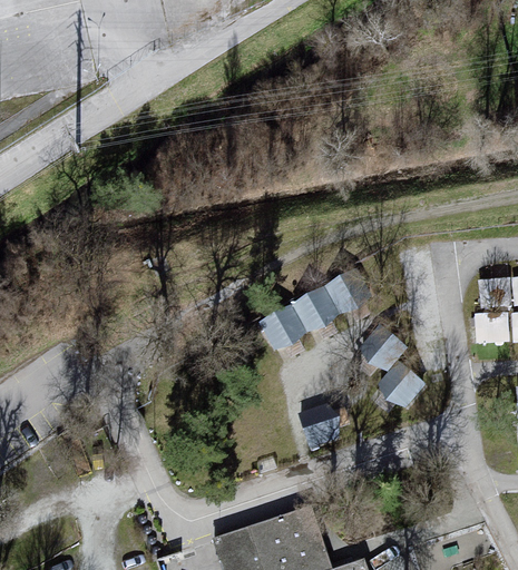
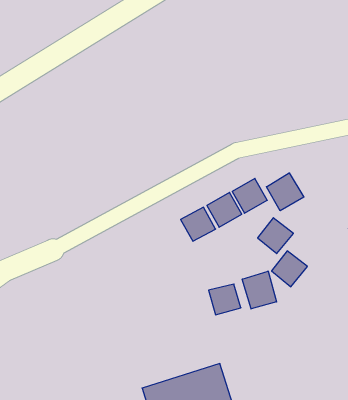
building: none -> [266,173,304,211]
building: none -> [242,271,277,309]

